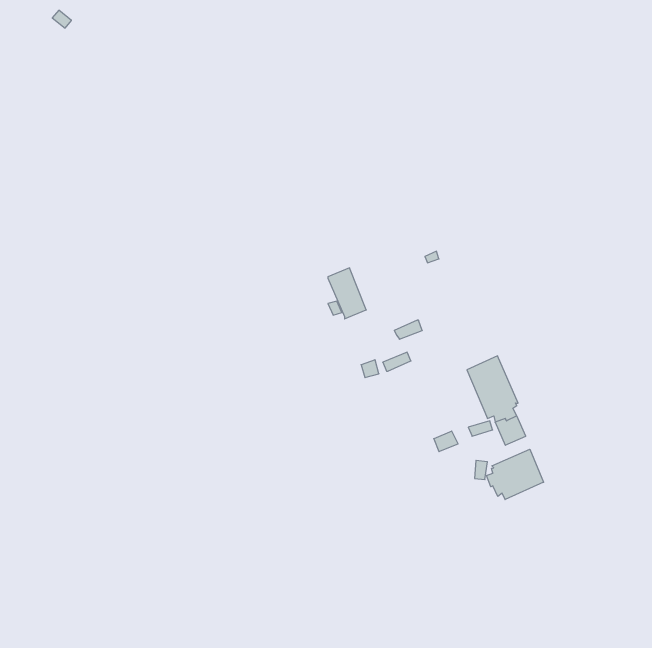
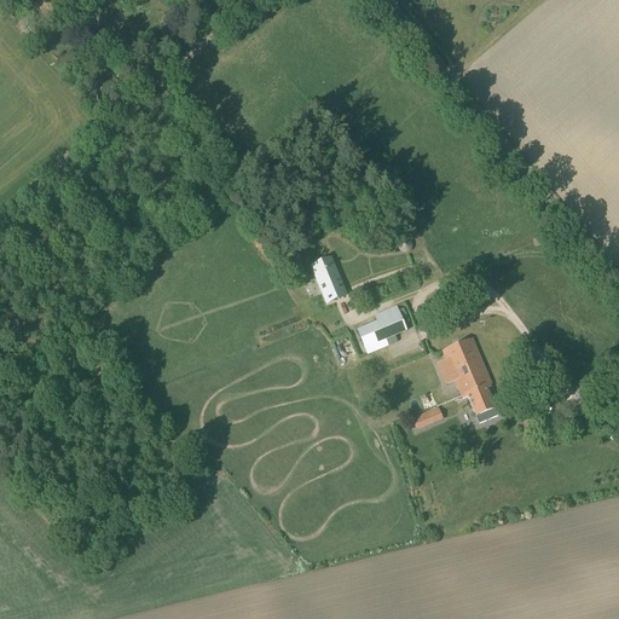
building: [486,449,544,500] -> none

